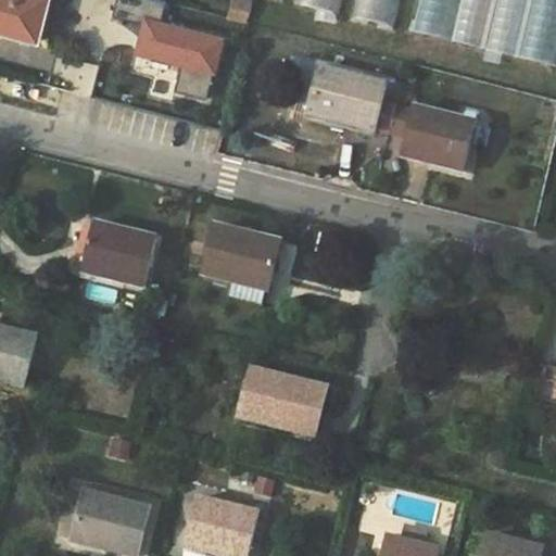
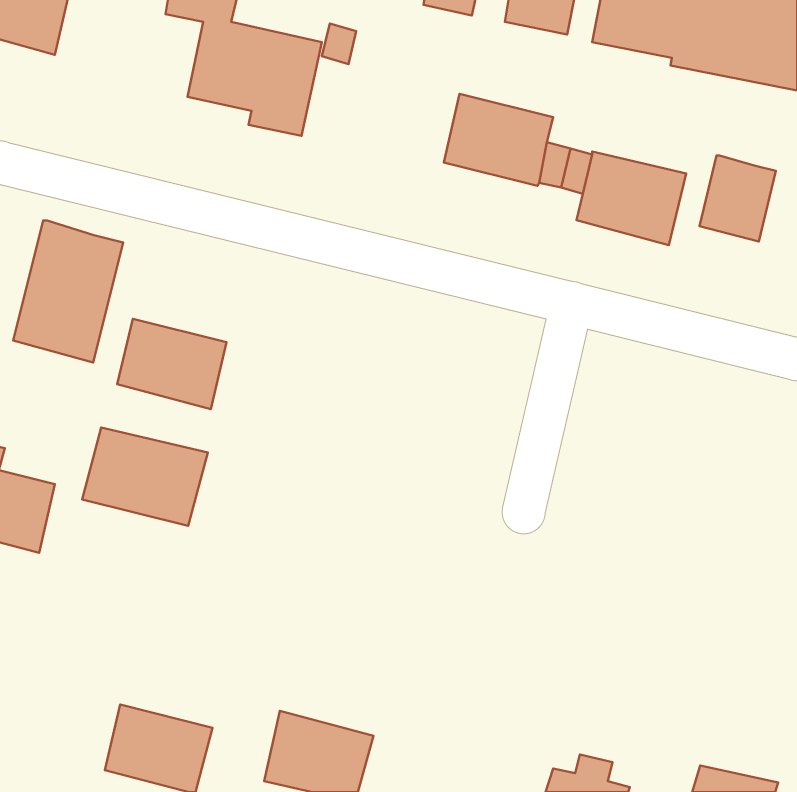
building: none -> [699,155,776,242]
building: none -> [13,221,123,363]
building: [204,224,278,304] -> none
building: none -> [82,428,208,526]
building: [240,367,326,432] -> none

